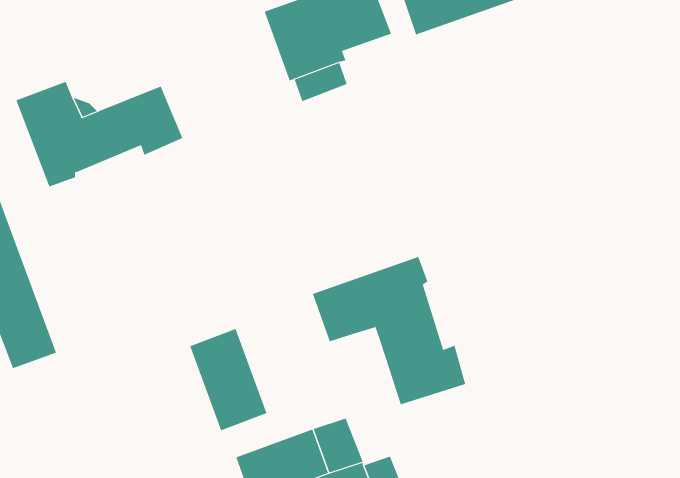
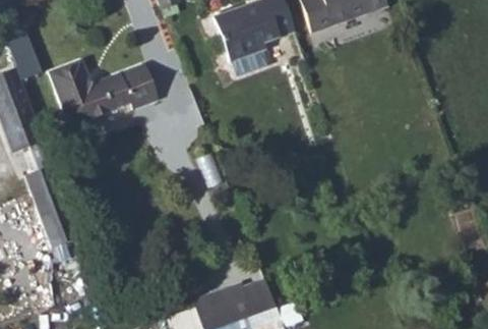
building: [312,256,466,405] -> none
building: [189,328,267,431] -> none

